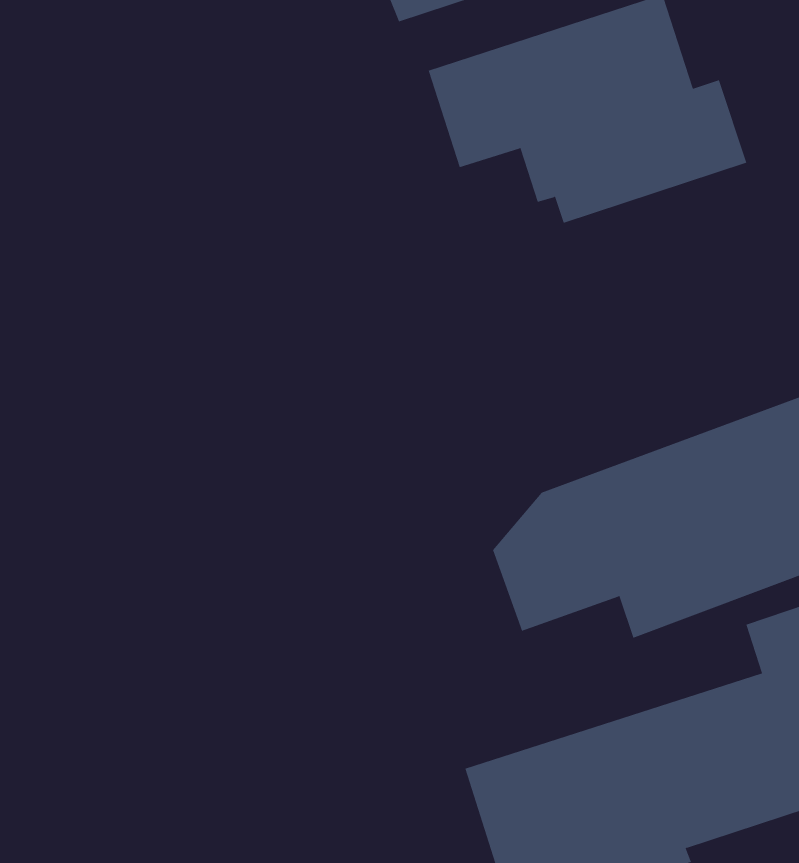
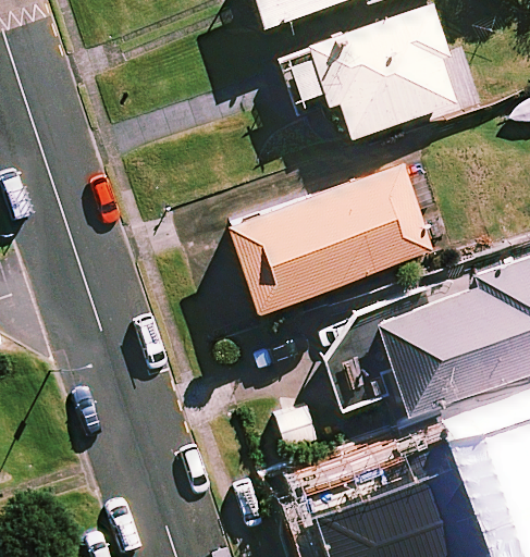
building: none -> [232,169,433,309]

